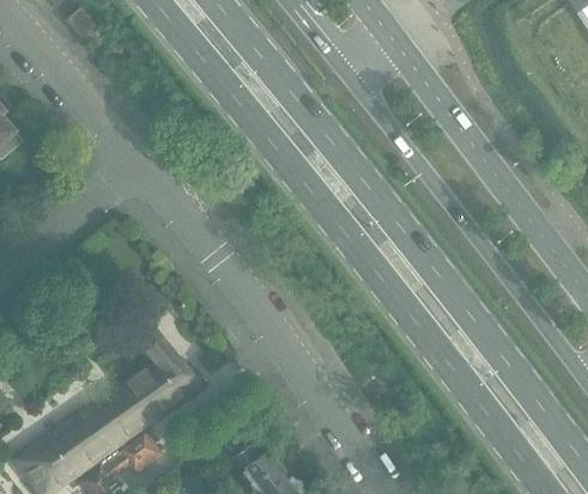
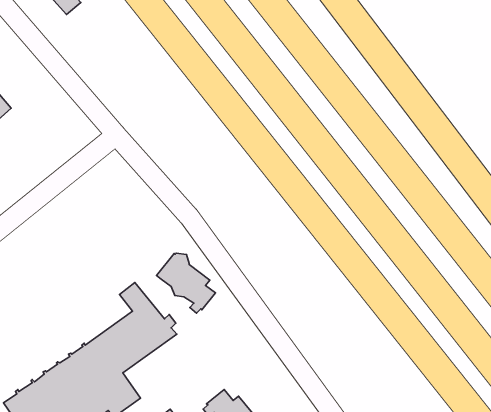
building: none -> [156,253,216,313]

